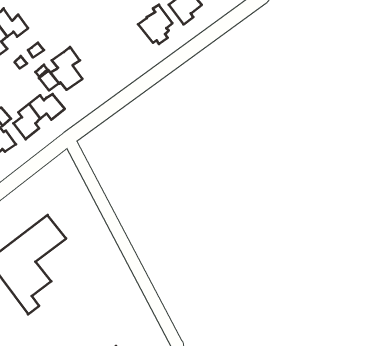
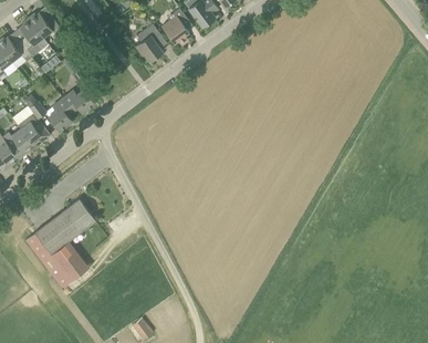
building: [51,47,82,90] -> [135,23,164,62]

